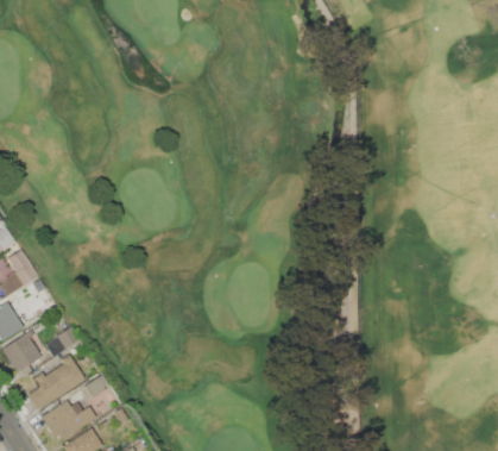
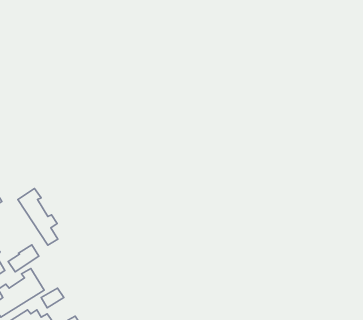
building: none -> [18,189,58,245]

